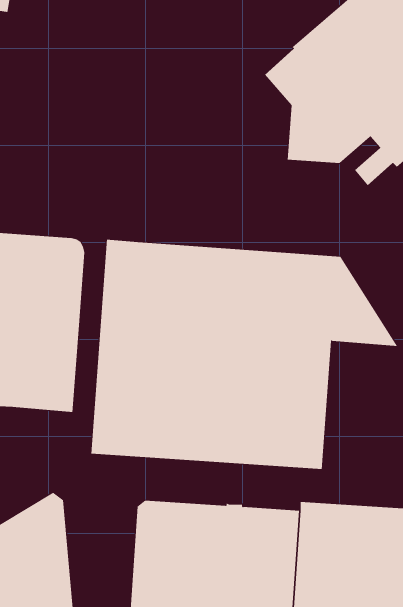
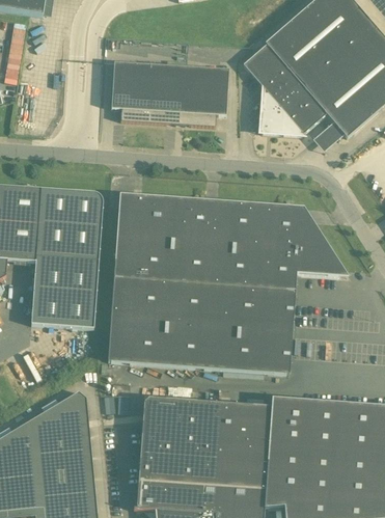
building: none -> [111,61,228,126]

